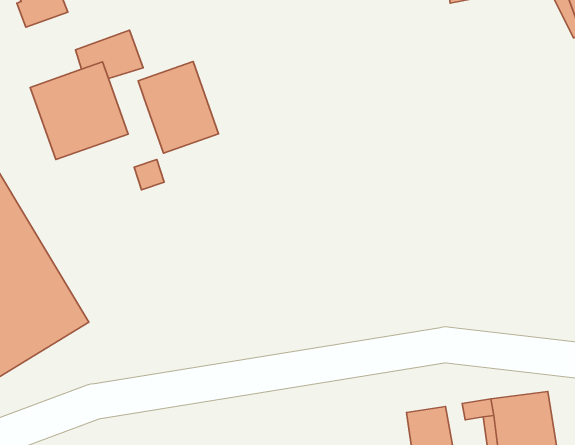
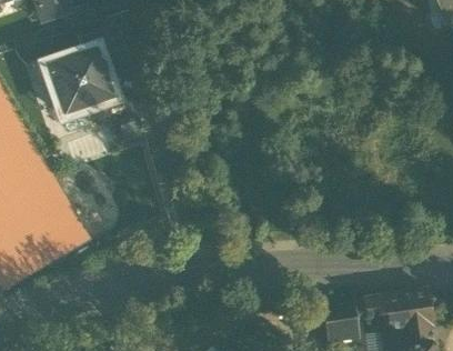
building: [138,61,219,153] -> none

